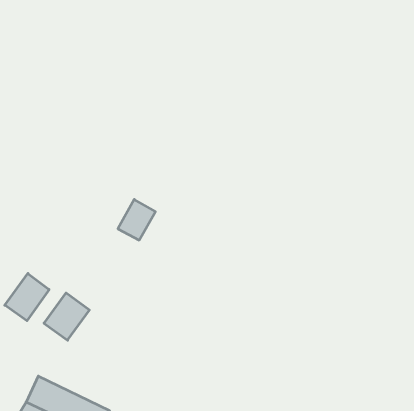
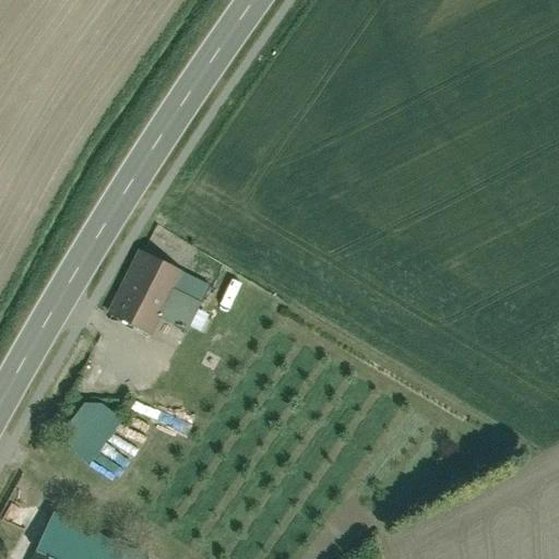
building: none -> [108,248,183,334]
building: [5,273,49,321] -> none

